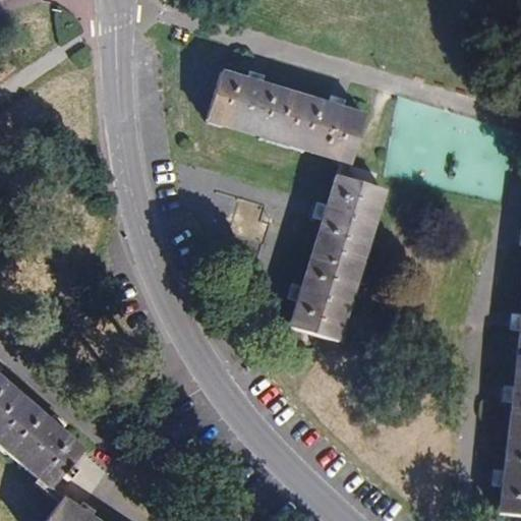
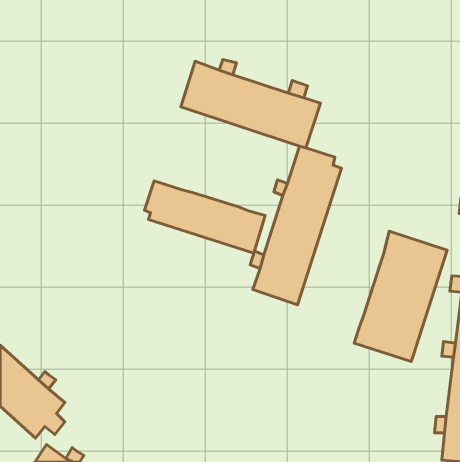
building: none -> [145,181,265,253]
building: none -> [354,231,447,361]

